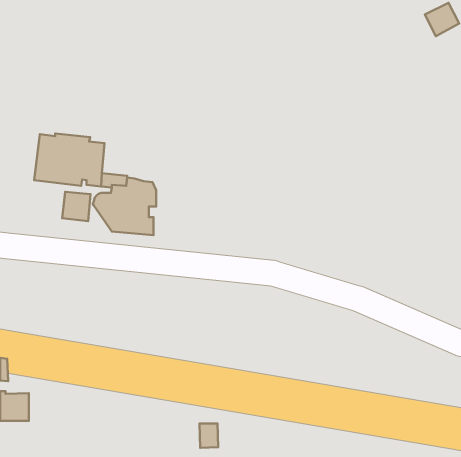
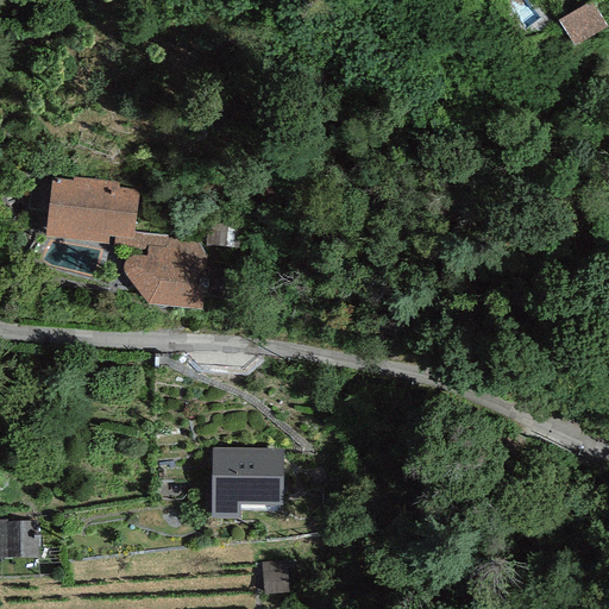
building: [62,192,90,221] -> none
building: none -> [211,448,283,519]

